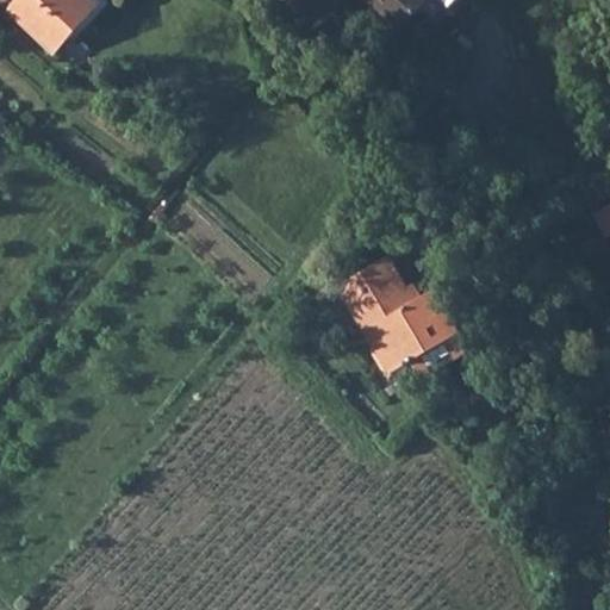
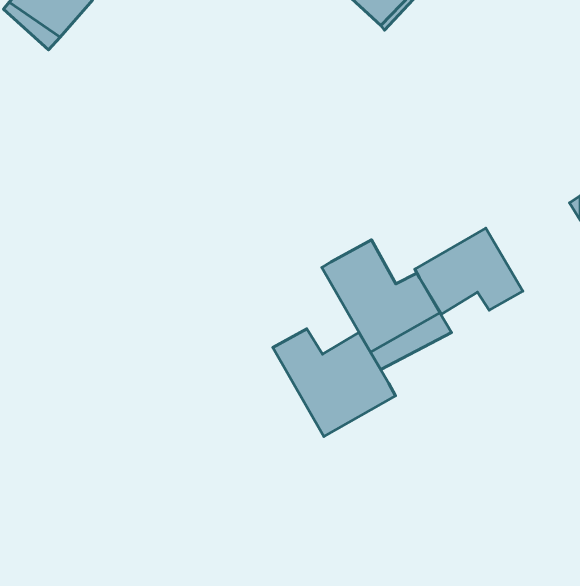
building: none -> [415,228,523,314]
building: none -> [273,329,396,436]

